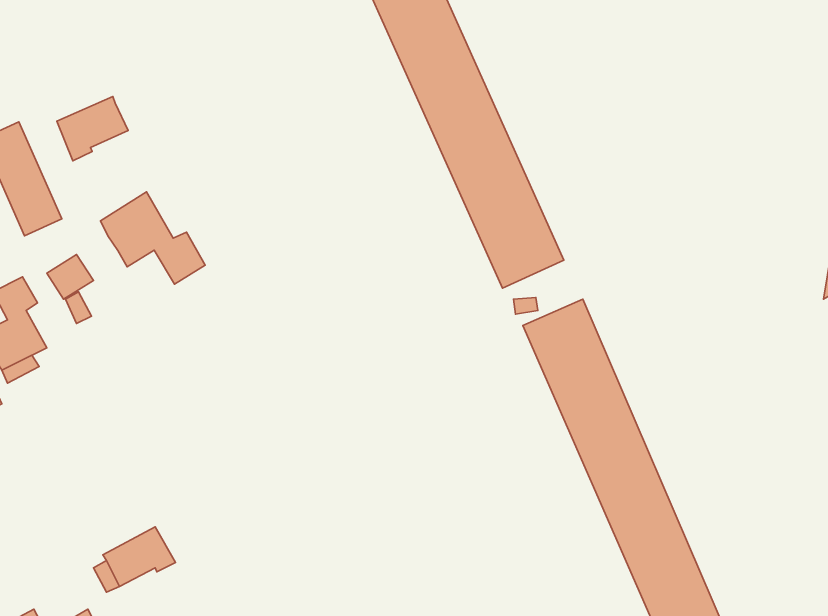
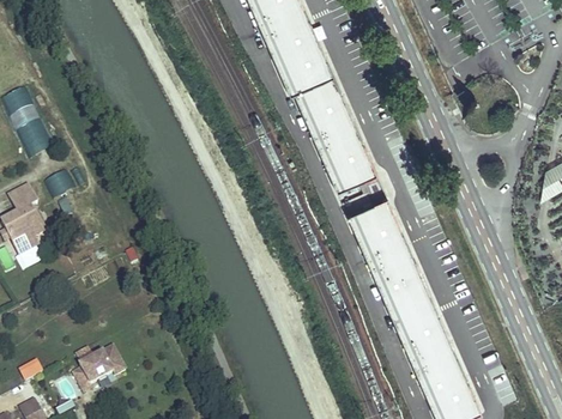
building: [57,97,128,161] -> none
building: [100,192,205,284] -> none

